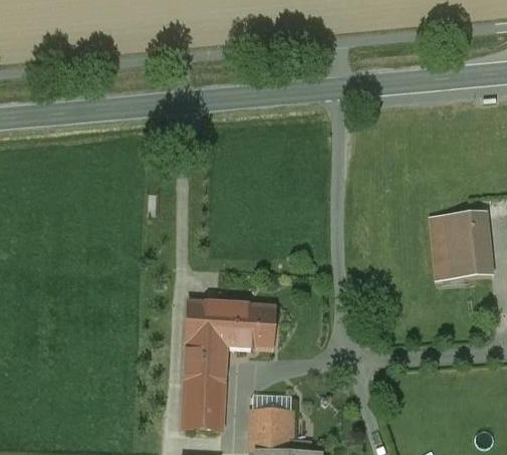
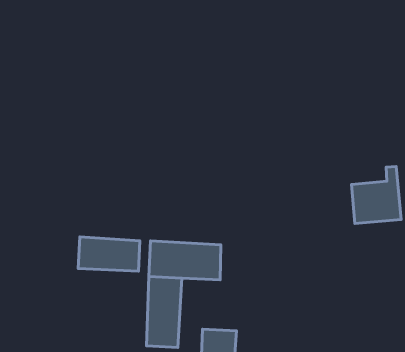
building: [432,211,476,232] -> none
building: none -> [78,237,140,271]

